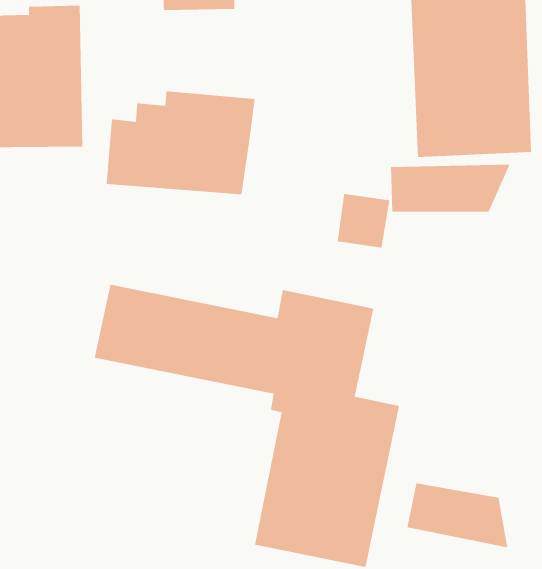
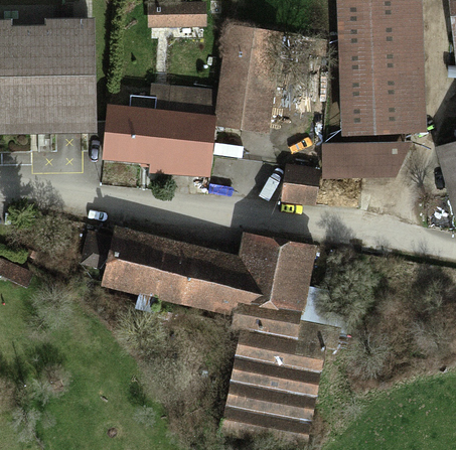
building: none -> [216,26,282,131]
building: [407,483,508,548] -> none

